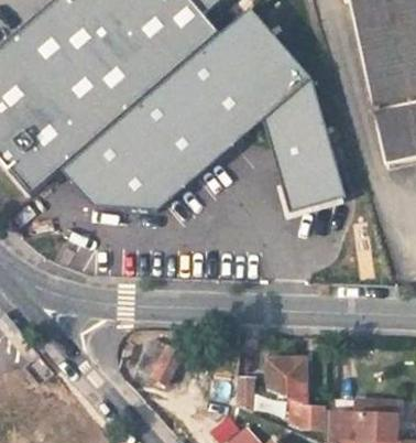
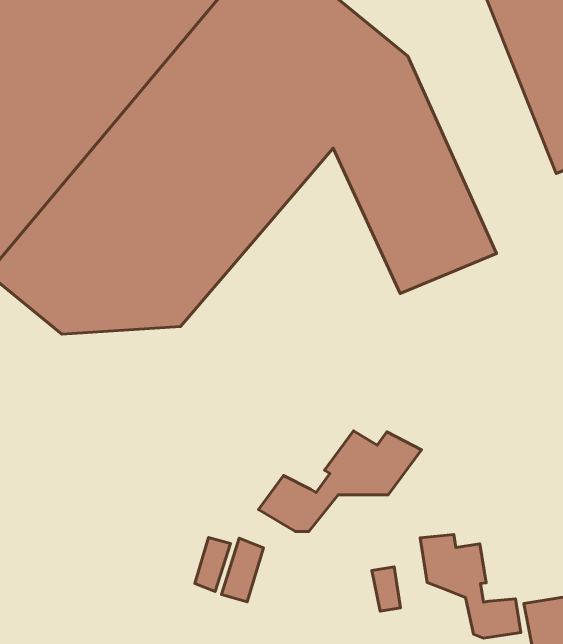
building: none -> [259,431,421,531]

